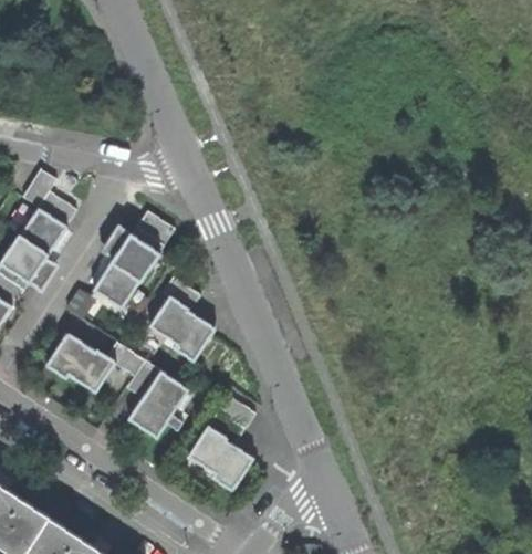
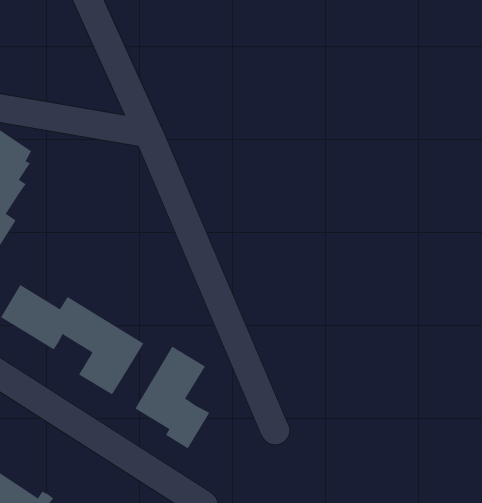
building: [87,211,173,311] -> none
building: [144,276,217,360] -> none

